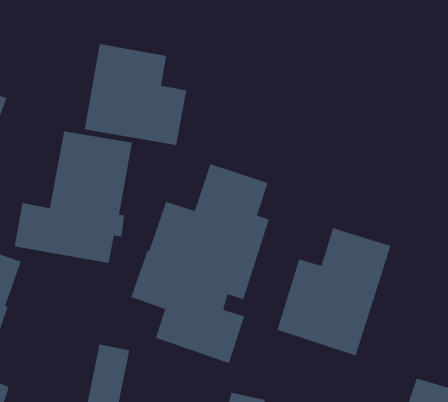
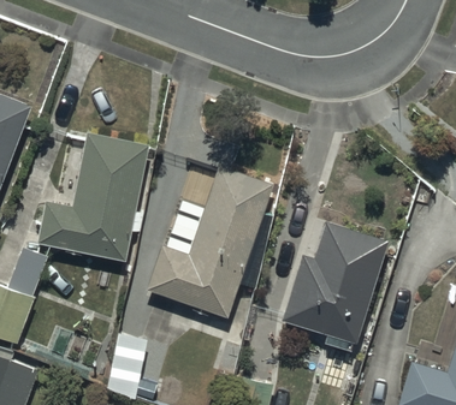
building: [84,43,187,146] -> none

